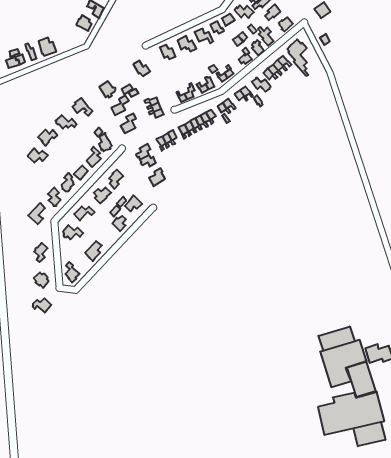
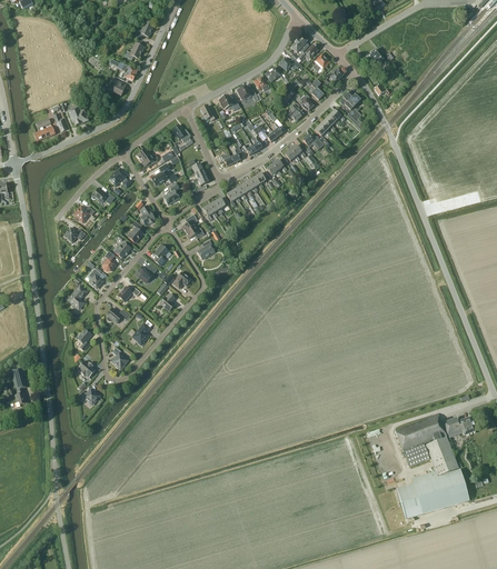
building: [318,326,355,351] -> none
building: [353,422,385,446] -> none

